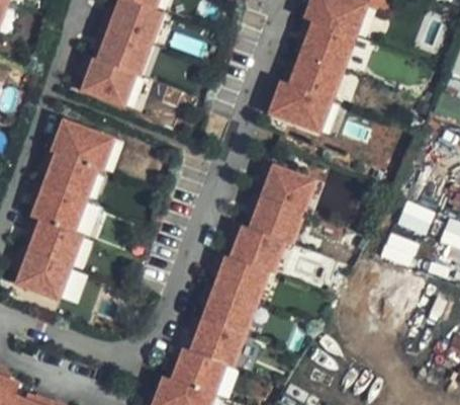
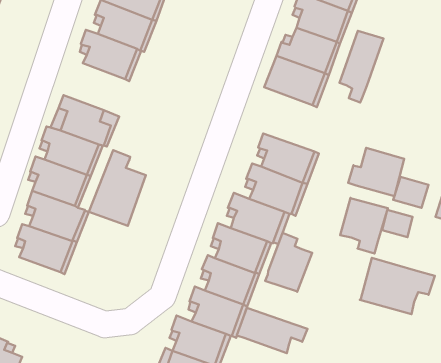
building: none -> [339,31,383,102]
building: none -> [348,148,404,196]
building: none -> [89,150,146,226]
building: none -> [340,198,388,254]
building: none -> [265,233,312,292]
building: none -> [360,258,435,314]
building: none -> [237,308,308,353]

